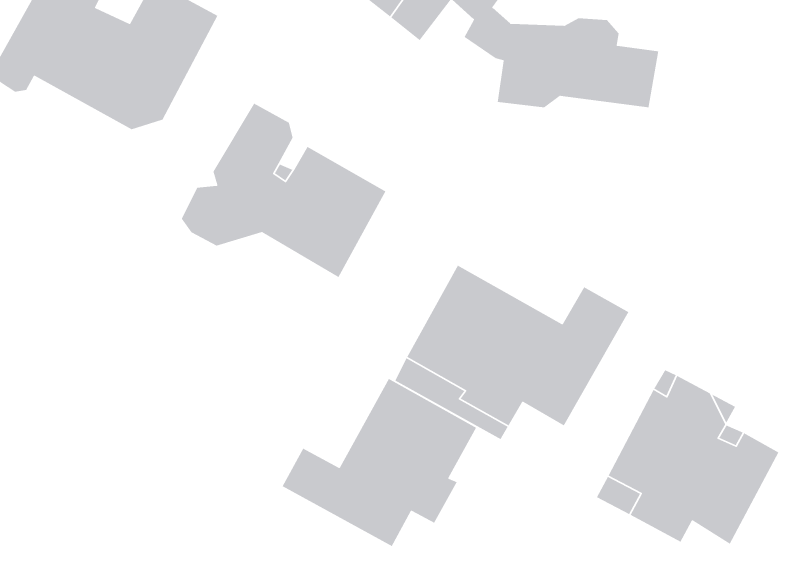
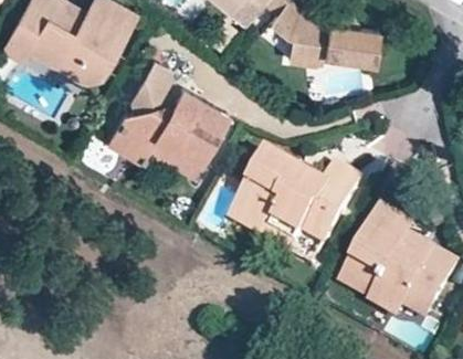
building: none -> [106,127,201,172]
building: [281,378,477,547] -> none

